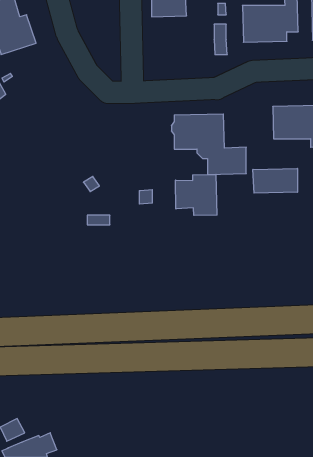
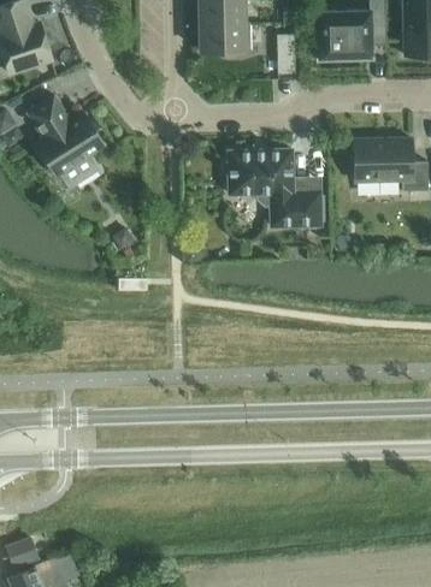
building: none -> [199,24,249,55]
building: none -> [25,94,104,190]
building: [253,168,297,193] -> none
building: [176,174,217,215] -> none

